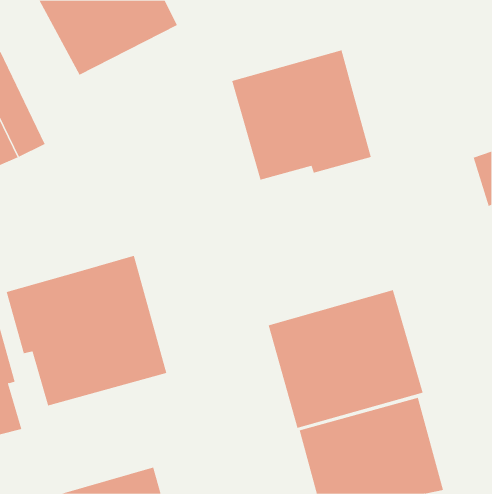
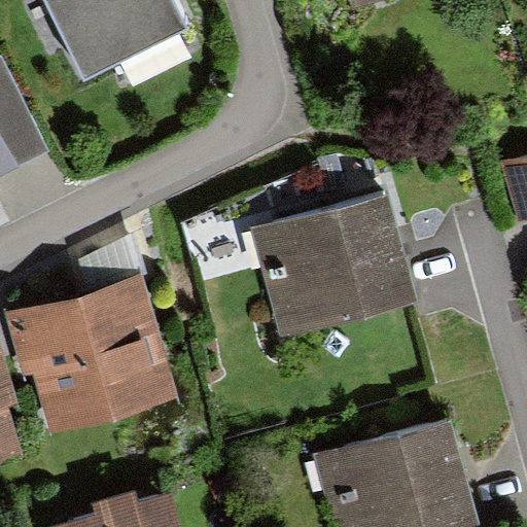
building: [232,49,371,181] -> none
building: [268,289,424,429] -> [249,191,415,340]

